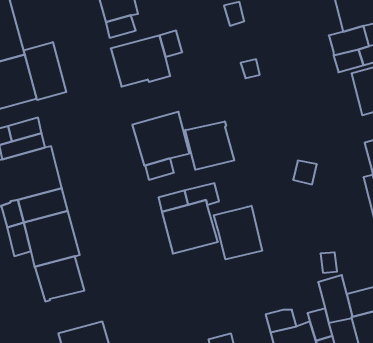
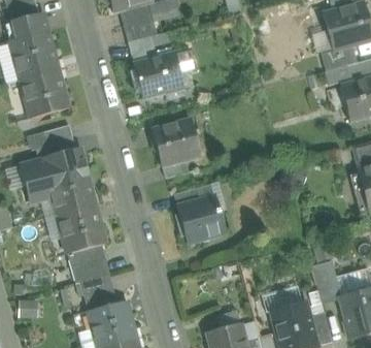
building: [24,42,66,100] -> none
building: [185,121,234,170] -> none
building: [214,206,262,259] -> none
building: none -> [80,274,117,311]

